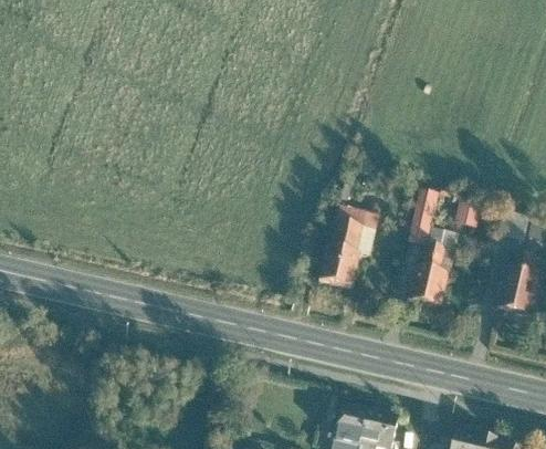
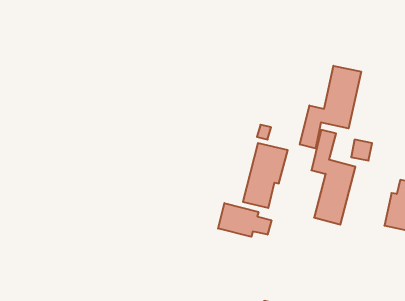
building: none -> [300,66,361,148]
building: none -> [218,203,271,237]

